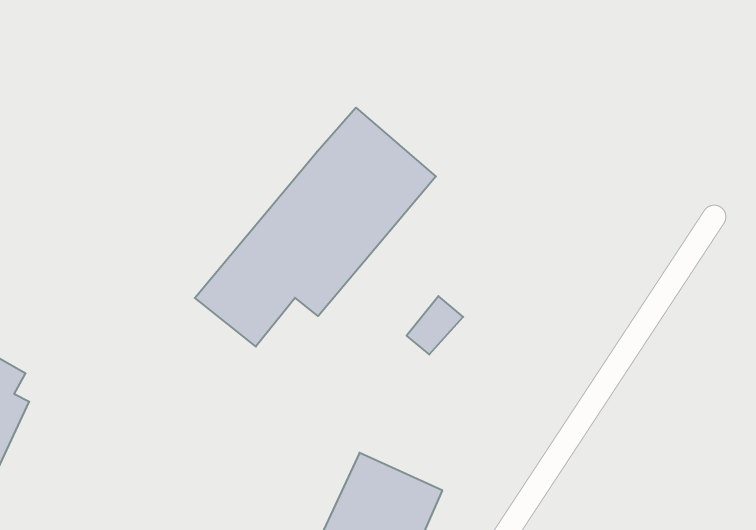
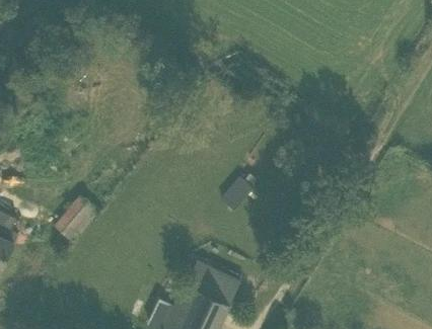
building: [195,108,436,347] -> none
building: none -> [53,196,97,242]

